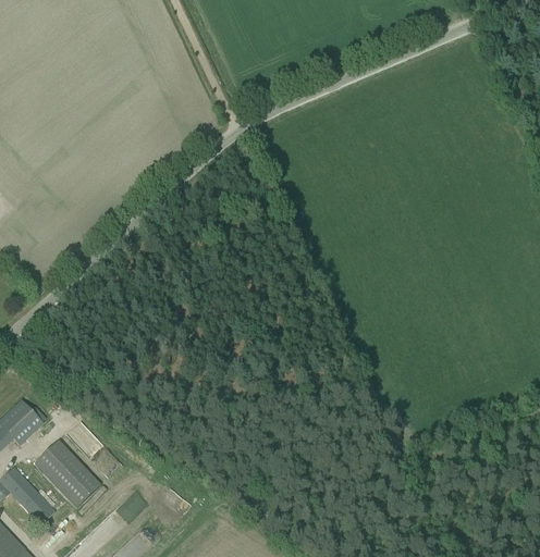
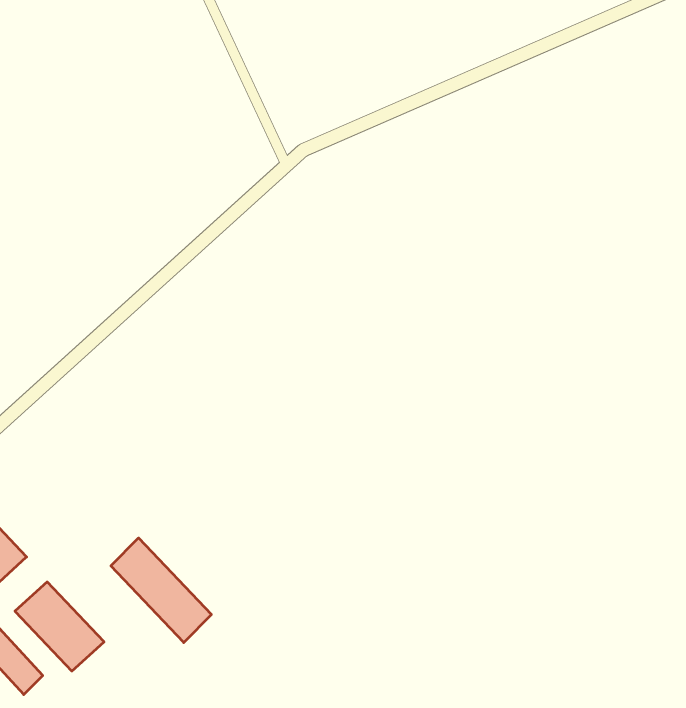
building: none -> [111,538,211,643]

